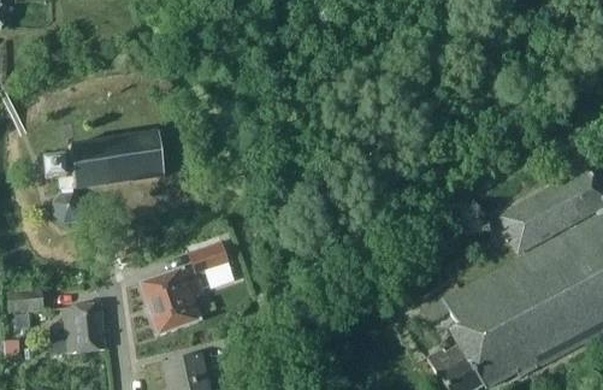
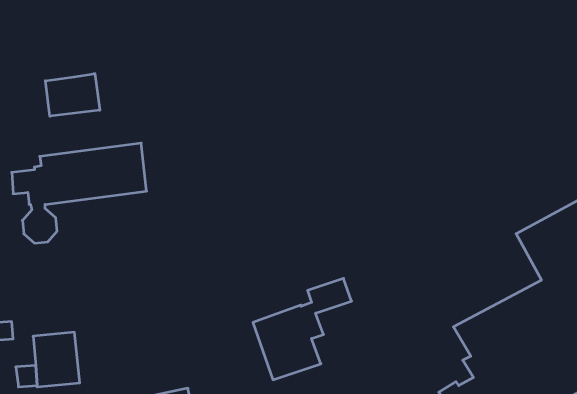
building: none -> [45,74,100,116]
building: [140,242,229,333] -> [253,278,352,380]

